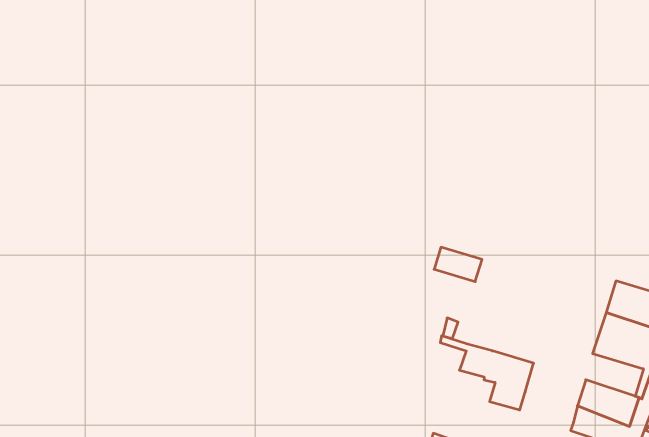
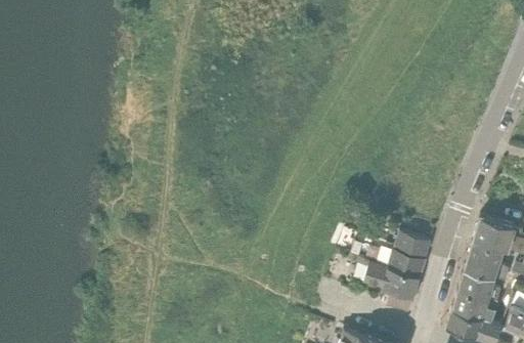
building: [434,247,482,282] -> [395,229,431,255]
building: none -> [389,250,425,275]
building: none -> [458,268,501,300]

